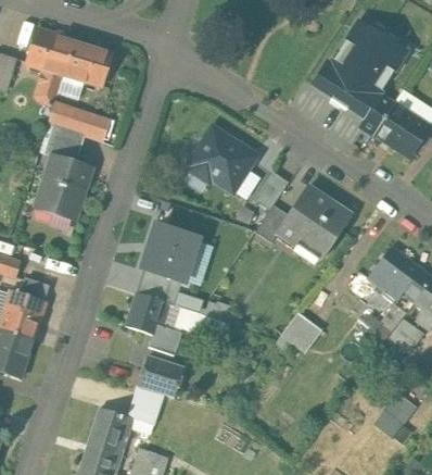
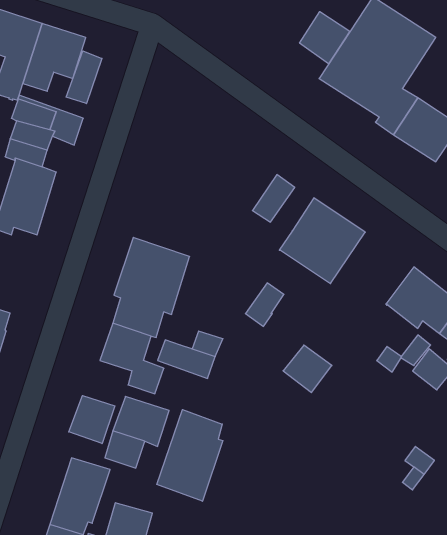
building: none -> [300,12,350,64]
building: none -> [66,51,102,104]
building: [183,124,259,197] -> none
building: [255,207,288,243] -> [245,283,284,326]
building: none -> [69,396,115,444]
building: none -> [157,410,223,501]

